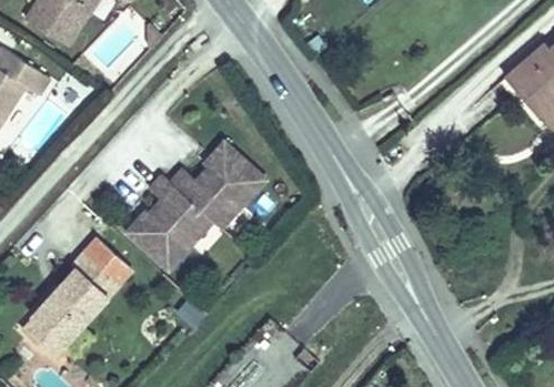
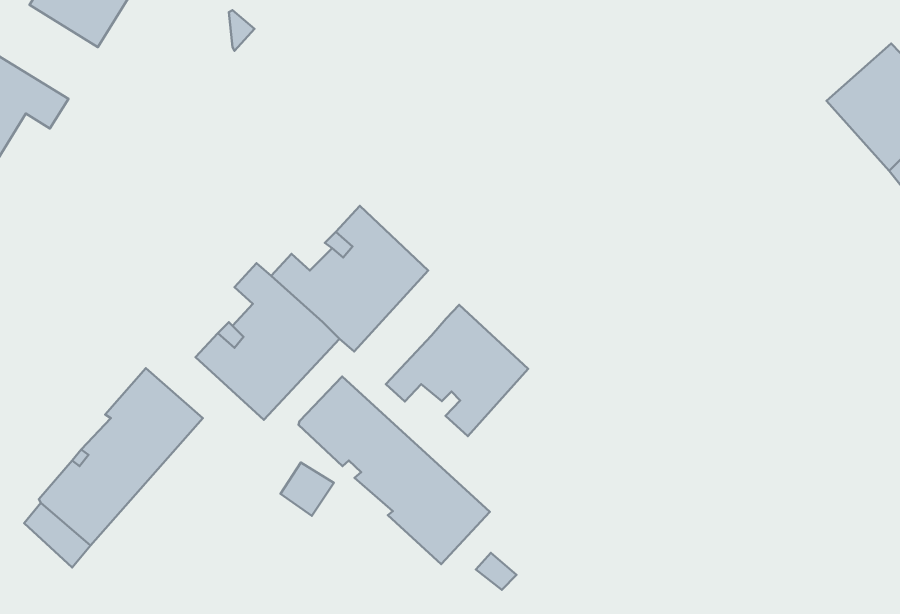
building: none -> [386,305,528,436]
building: none -> [299,377,490,564]

